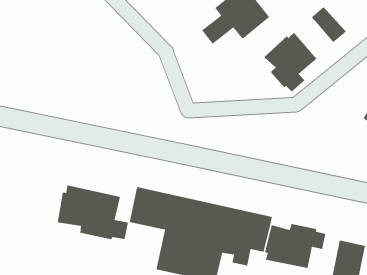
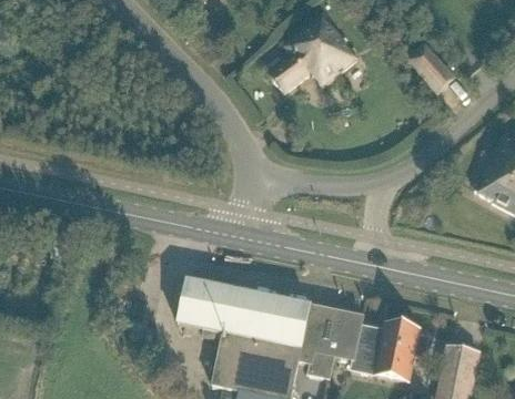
building: [264,32,317,92] -> none
building: [57,185,129,240] -> none

